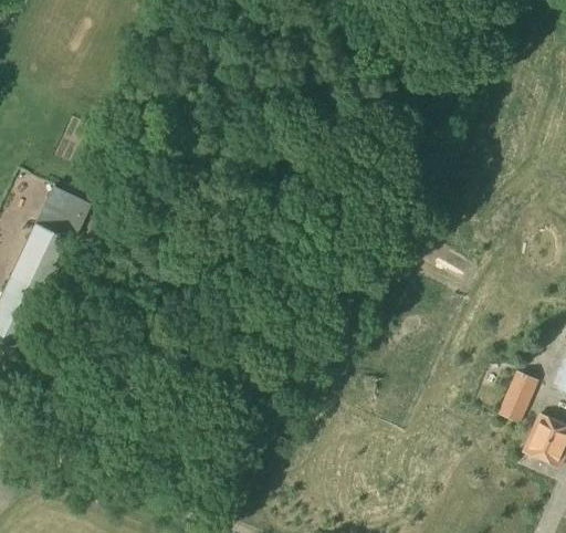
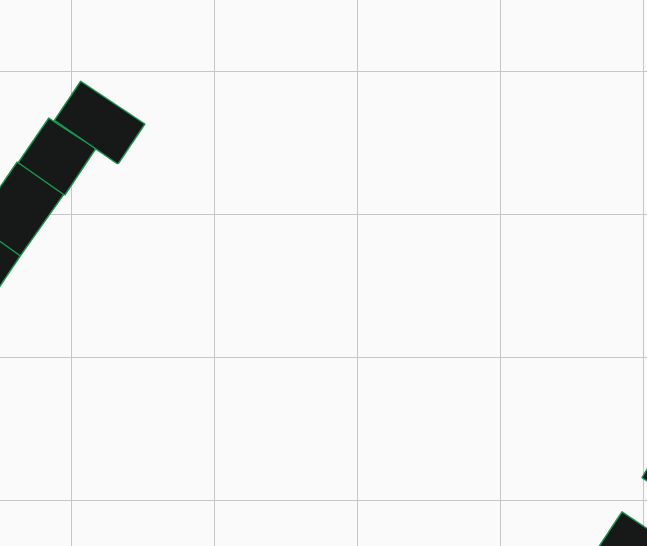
building: none -> [54,81,145,164]
building: [499,369,538,420] -> none

